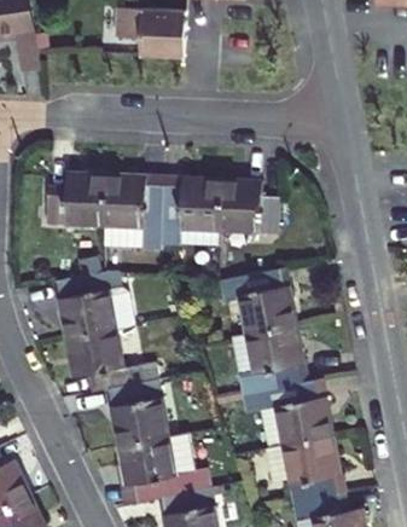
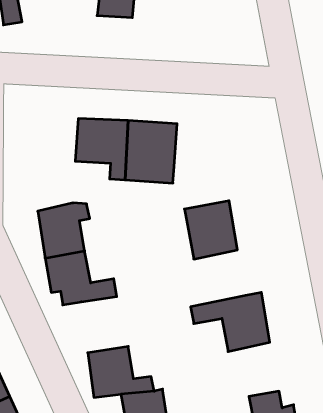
building: [52,173,110,225] -> none
building: [221,181,281,233] -> none
building: [237,328,304,394] -> none
building: [114,381,168,447] -> none
building: [284,435,343,498] -> none

